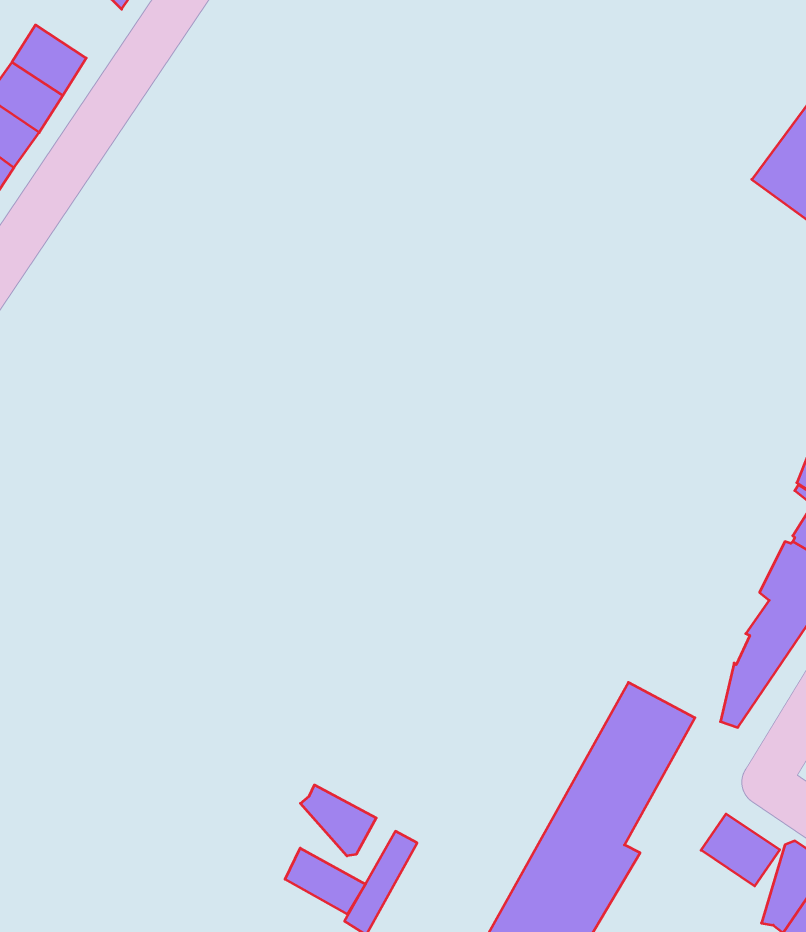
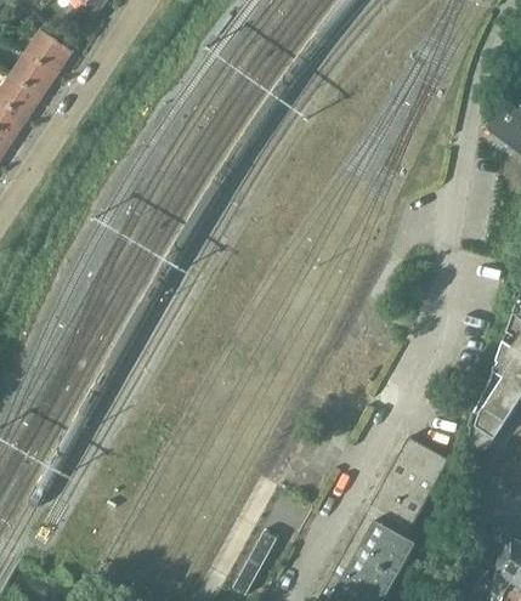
building: [300,785,376,856] -> none
building: [701,814,780,886] -> none
building: [285,848,366,914] -> none

